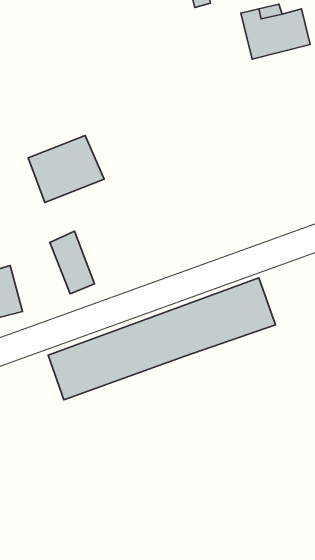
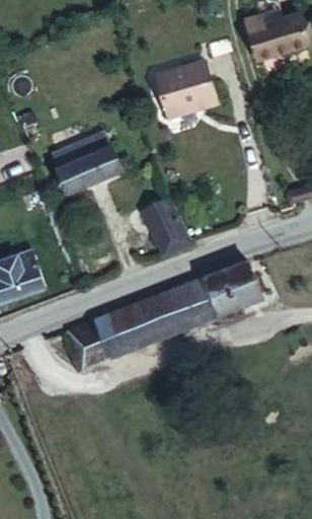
building: none -> [157,62,219,119]
building: [50,231,95,294] -> [146,195,186,251]

